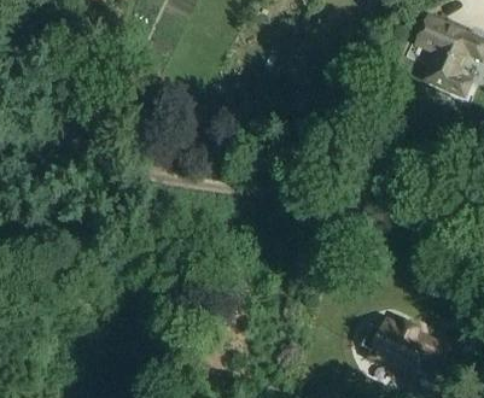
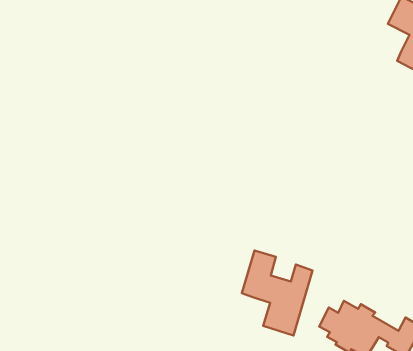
building: none -> [242,250,313,336]

